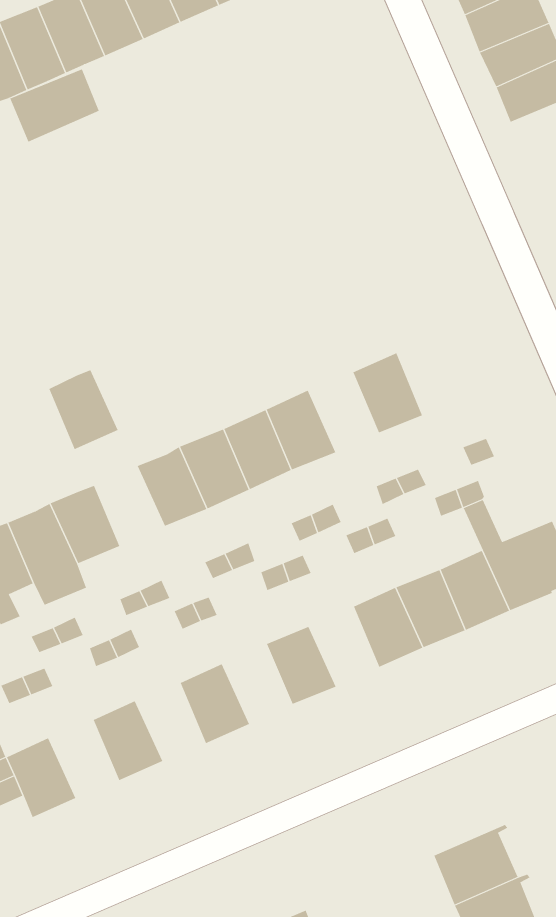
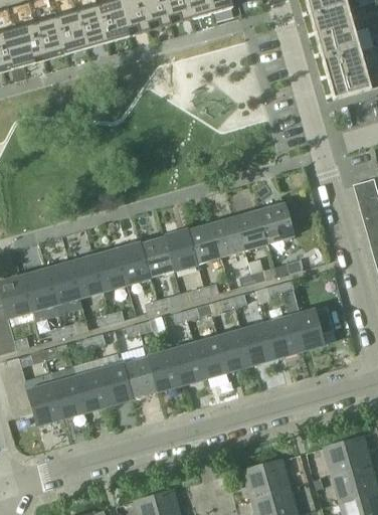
building: [9,68,99,143] -> none
building: none -> [258,202,292,243]
building: [48,370,118,450] -> [93,249,127,290]
building: none -> [210,216,243,256]
building: none -> [194,337,227,377]
building: none -> [147,350,180,390]
building: none -> [100,364,133,403]
building: none -> [50,367,85,416]

